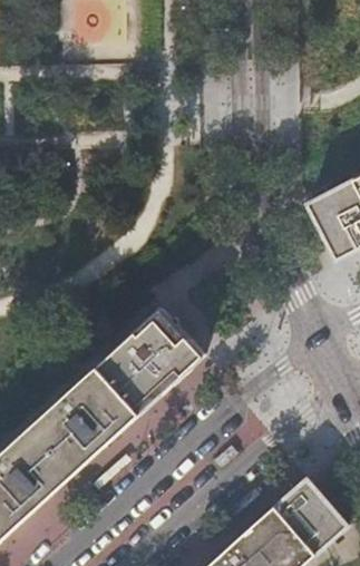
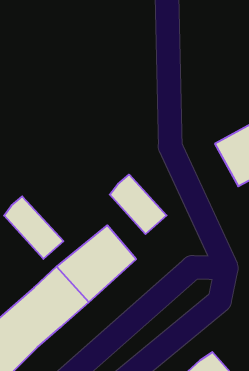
building: none -> [110,175,167,234]
building: none -> [4,196,63,259]

